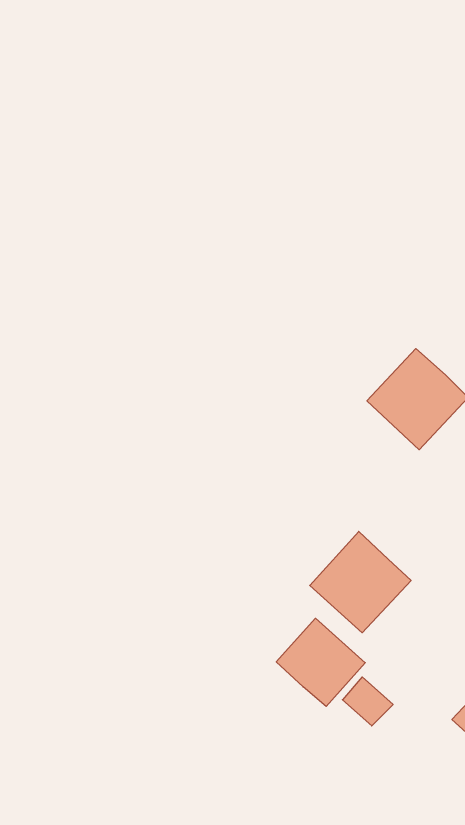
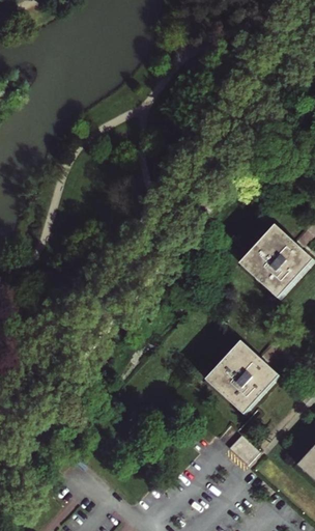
building: [276,618,365,706] -> none

